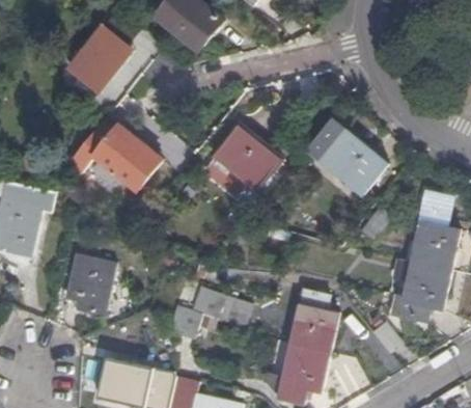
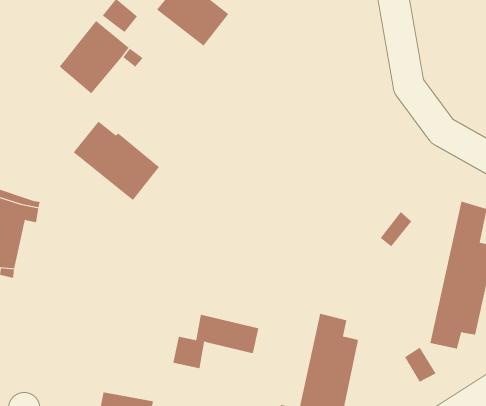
building: [213,125,279,189] -> none
building: [316,126,381,188] -> none
building: [65,256,112,316] -> none

